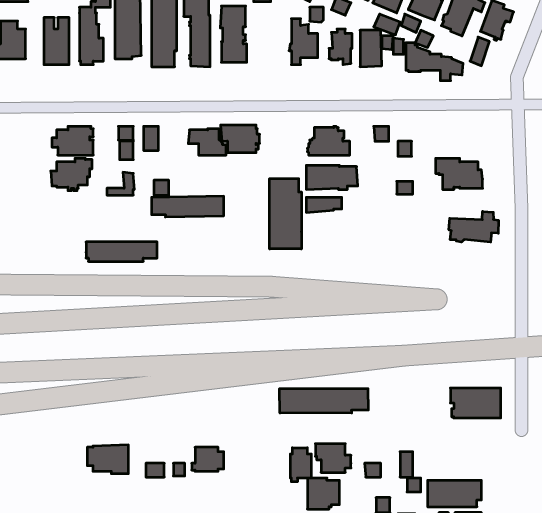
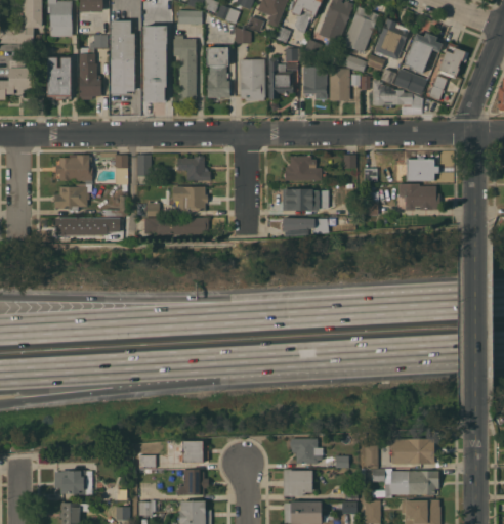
building: none -> [239,59,264,100]
building: none -> [392,69,426,94]
building: [221,125,260,153] -> [172,186,207,211]
building: none -> [406,157,433,180]
building: [270,179,301,249] -> none
building: [449,211,498,242] -> none
building: [86,242,157,261] -> [55,218,119,235]
building: [450,388,501,418] -> [388,437,433,464]
building: [280,389,368,413] -> none
building: [87,445,128,474] -> [54,470,91,495]
building: [290,448,311,482] -> none
building: none -> [177,470,208,495]

